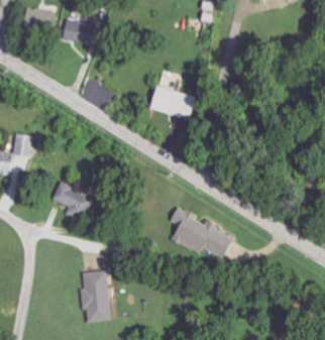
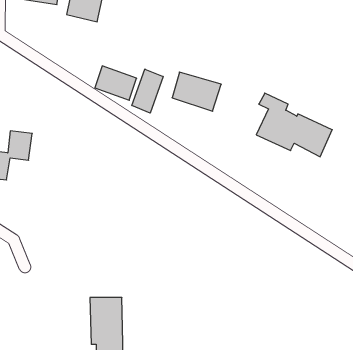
building: none -> [132,69,163,113]
building: [50,185,89,215] -> none
building: [170,206,232,258] -> [256,93,332,157]

